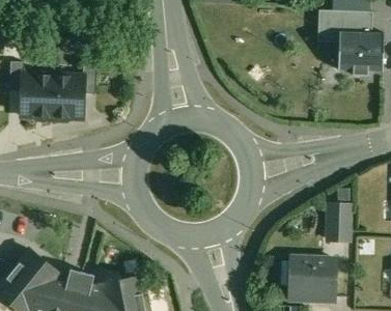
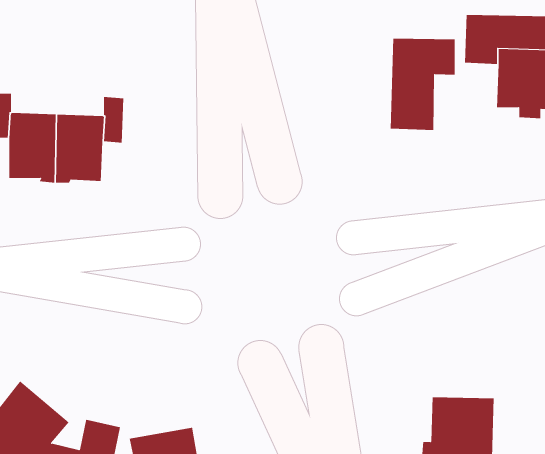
building: none -> [390,38,455,131]
building: [327,204,348,239] -> none

